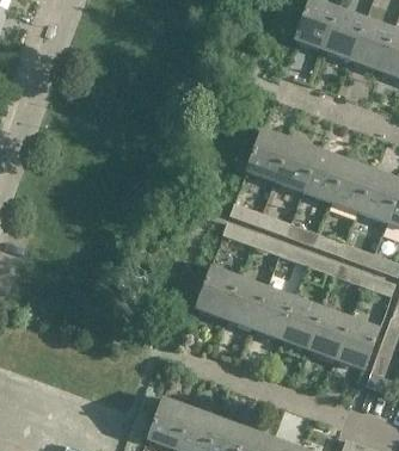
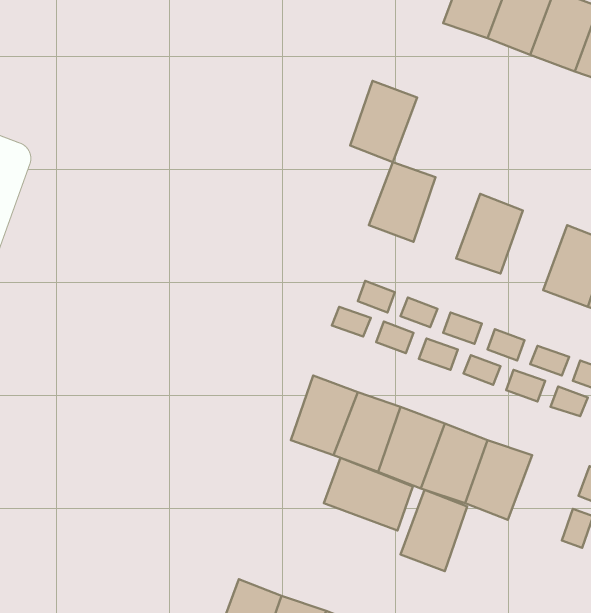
building: [275,138,318,191] -> [350,81,417,162]
building: [331,160,374,211] -> none
building: [336,317,379,370] -> [400,490,467,571]
building: none -> [324,458,413,530]

